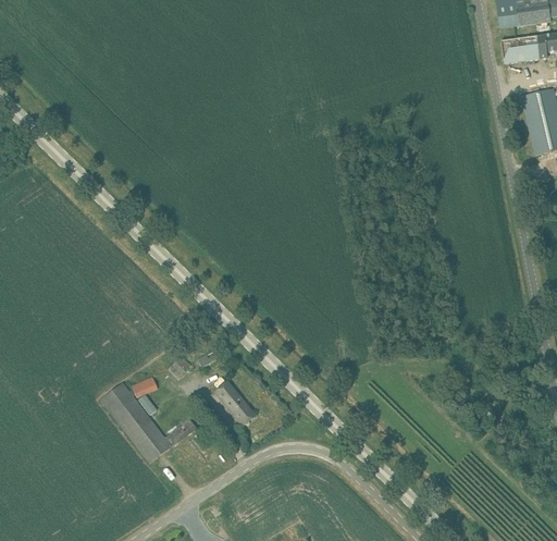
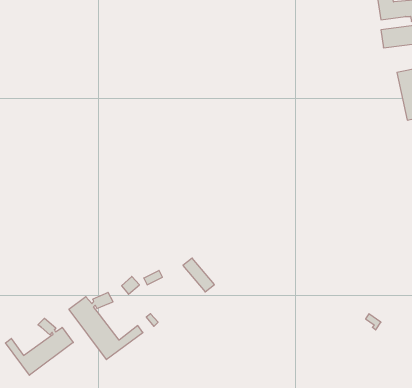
building: [215,382,256,426] -> [183,258,214,292]
building: none -> [5,318,73,375]

